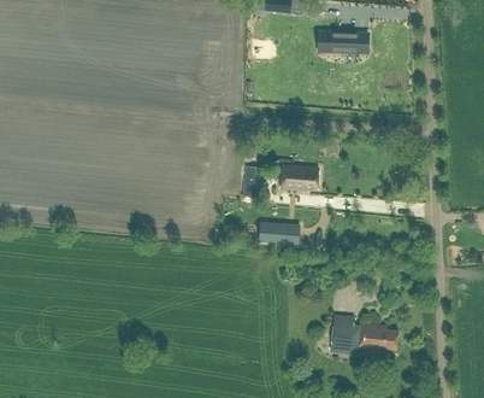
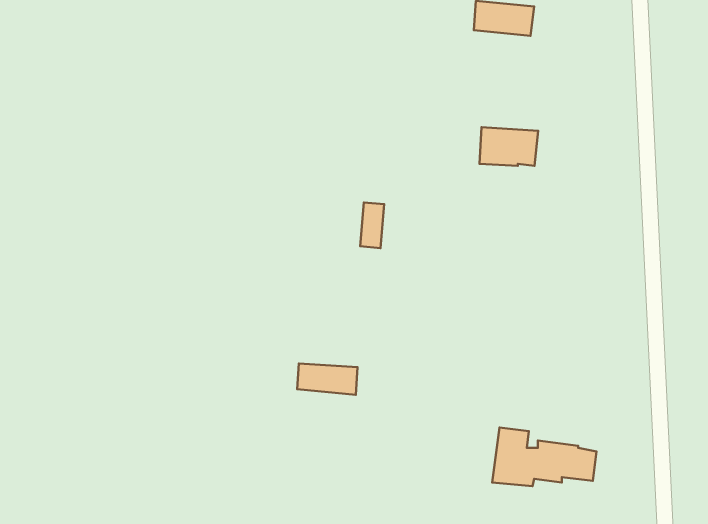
building: [281,164,319,189] -> [480,127,538,166]
building: [260,222,300,242] -> [297,364,358,395]

